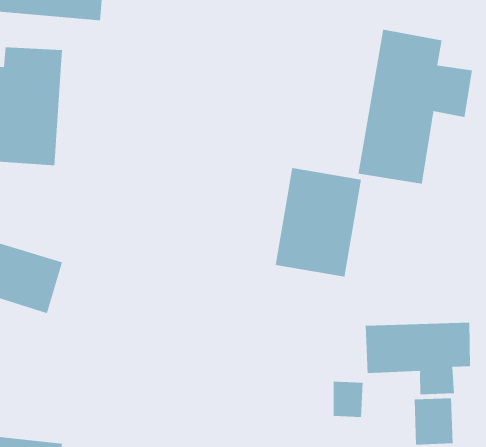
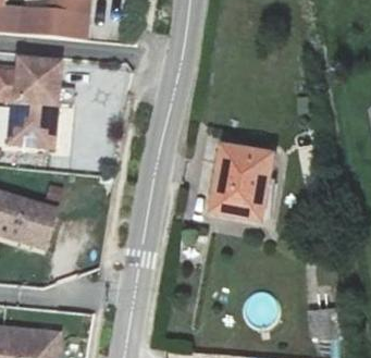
building: [358,29,473,185] -> none
building: [365,322,471,395] -> none

